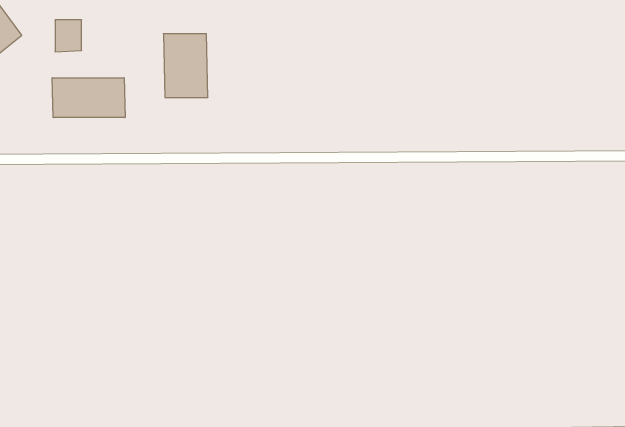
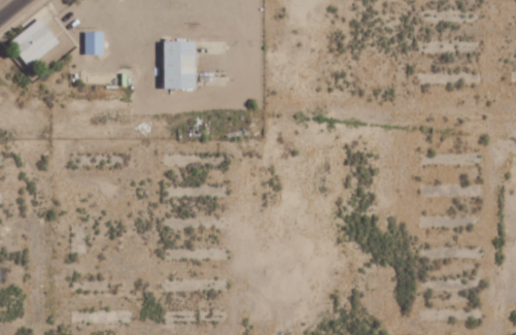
building: [52,78,125,118] -> none

